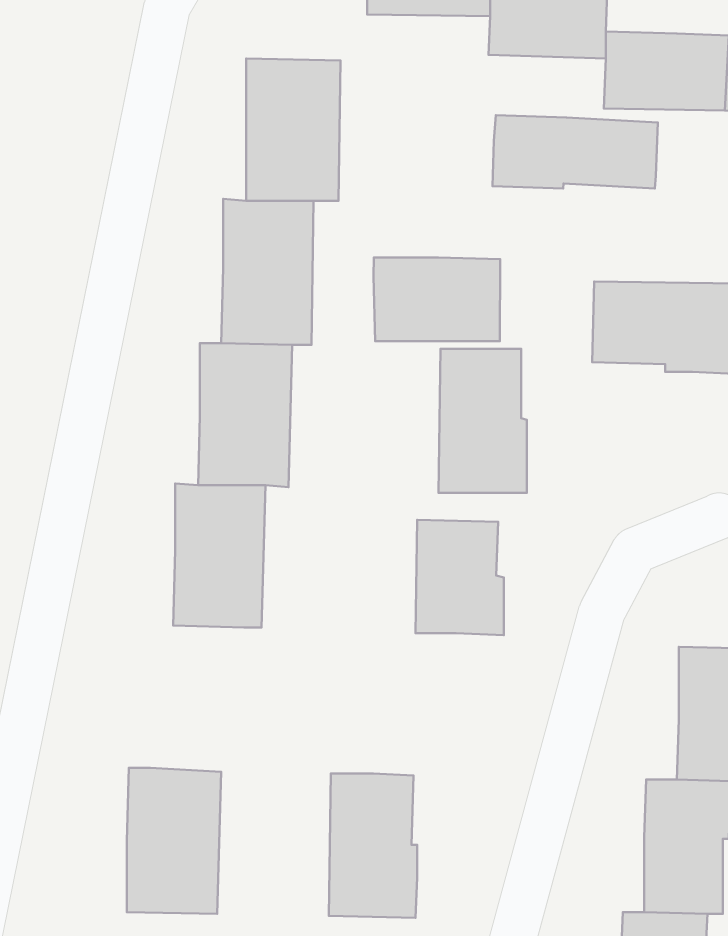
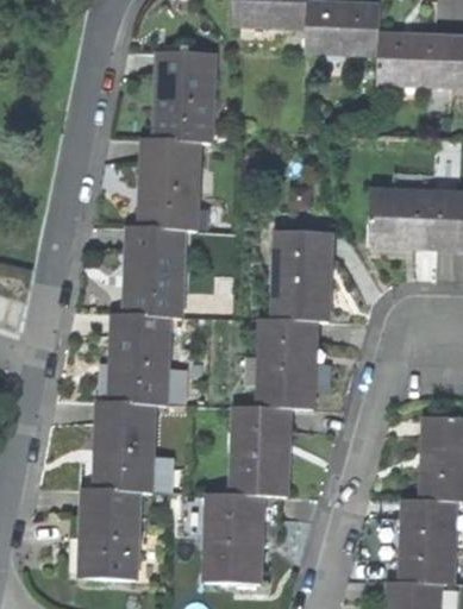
building: [493,115,658,189] -> none
building: [374,257,500,341] -> none
building: none -> [96,403,155,494]
building: none -> [234,407,287,496]

